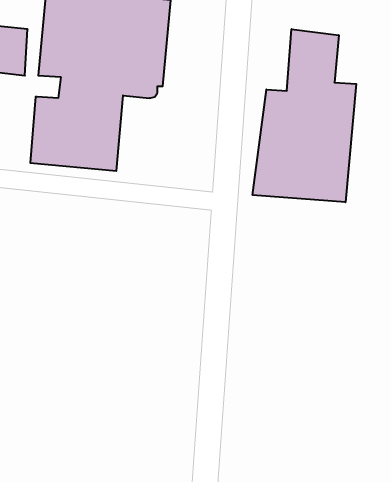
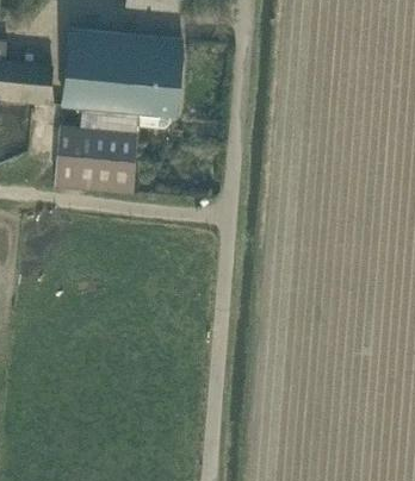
building: [253,29,356,202] -> none

